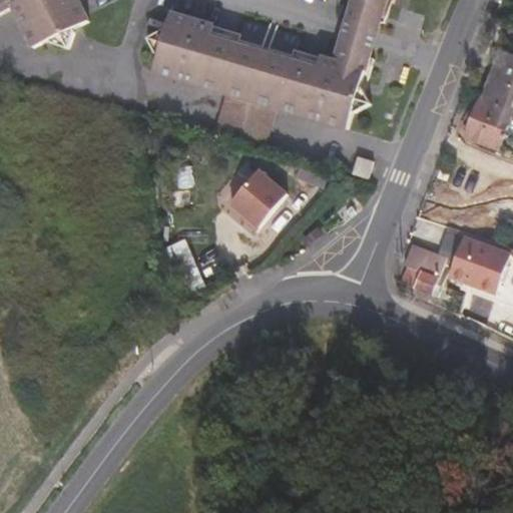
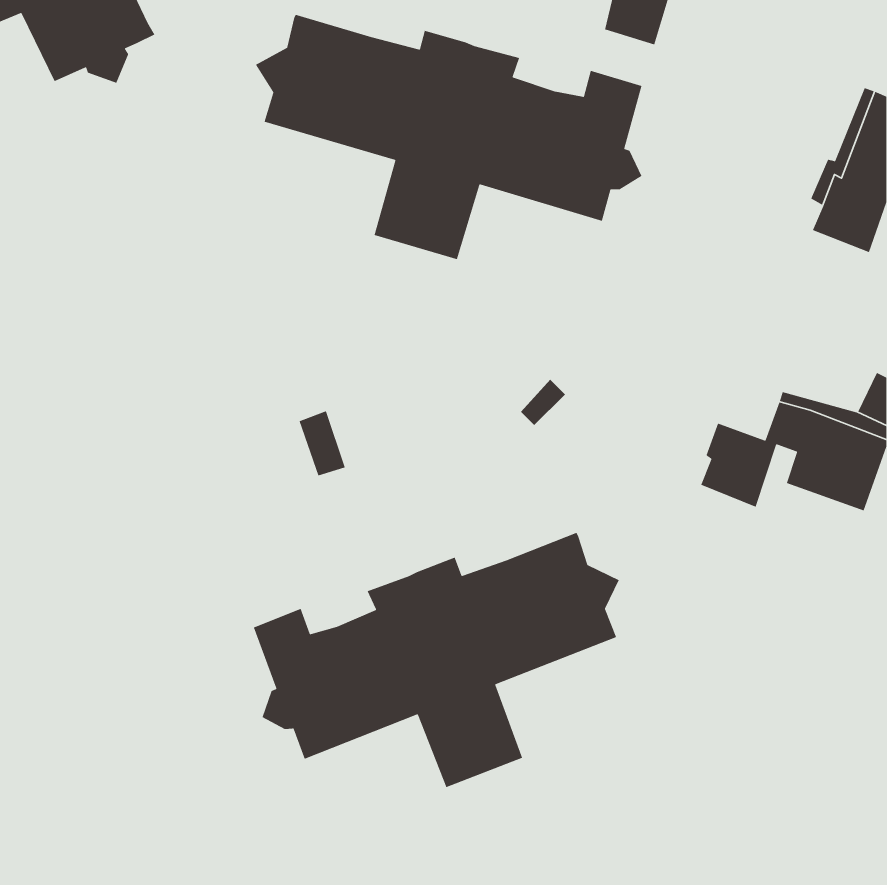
building: [339,17,376,49] -> none
building: [229,168,286,230] -> none
building: none -> [253,532,620,788]

